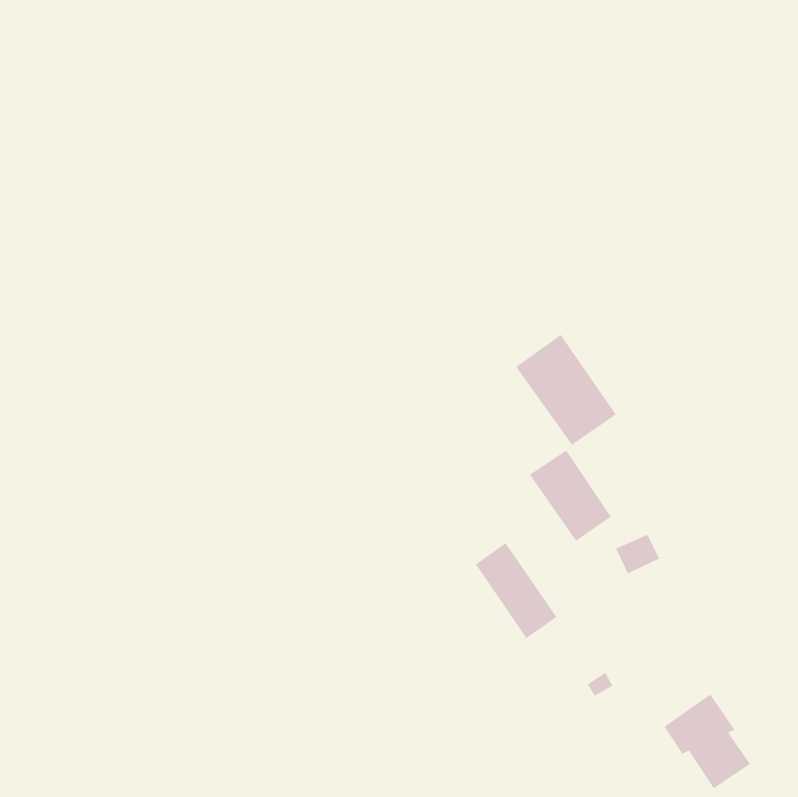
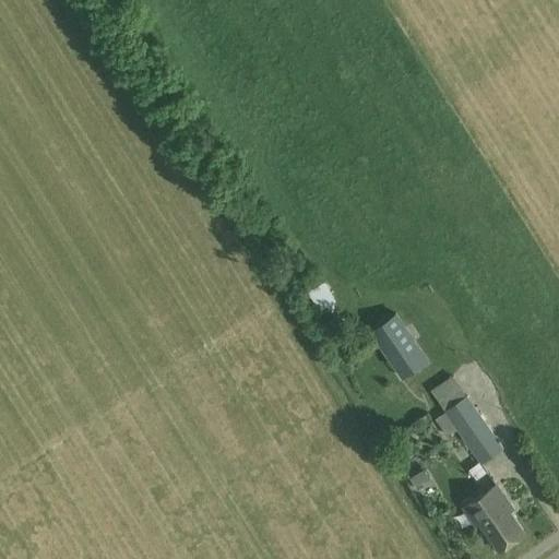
building: [515,334,617,446] -> none
building: [475,542,558,639] -> [444,397,502,465]

